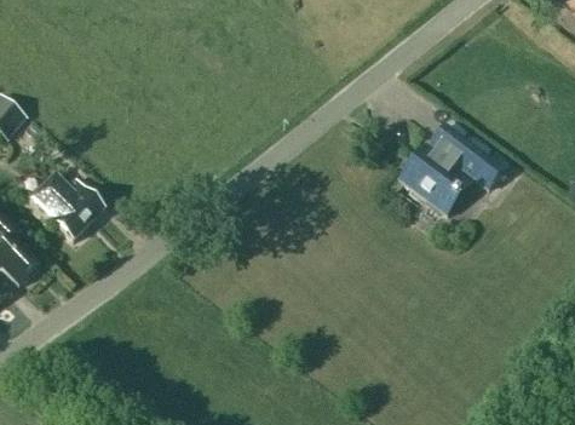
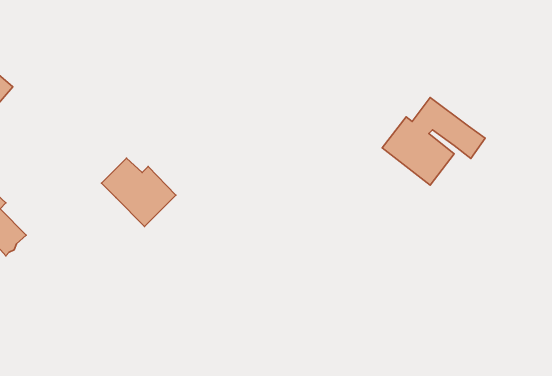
building: [29,172,104,241] -> [101,158,176,226]

